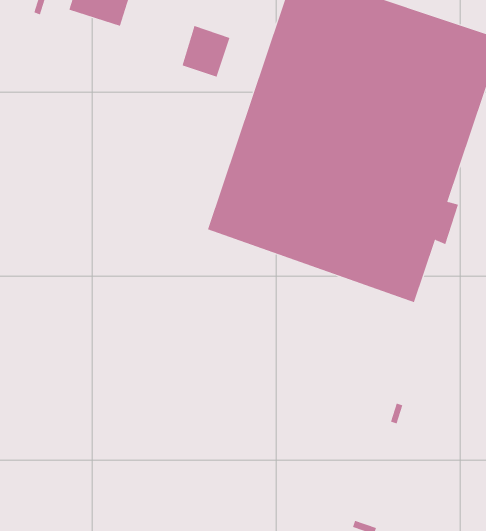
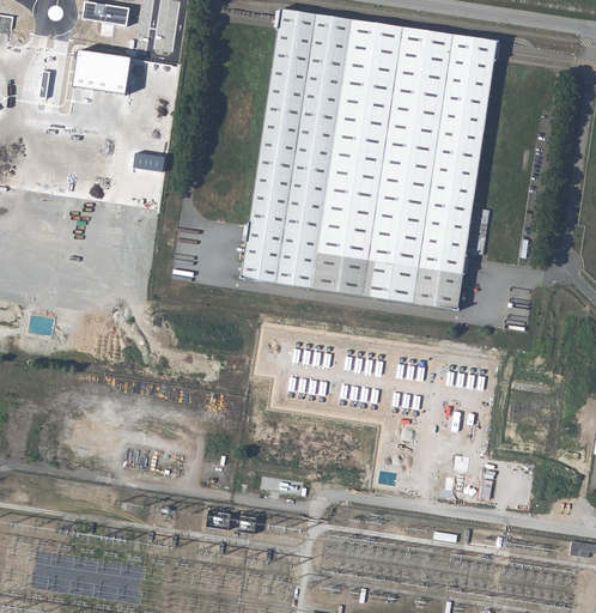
building: [182,25,230,78] -> none

